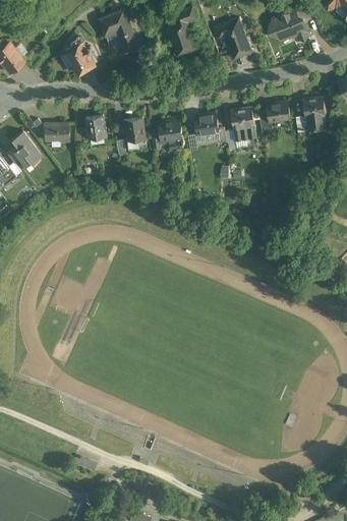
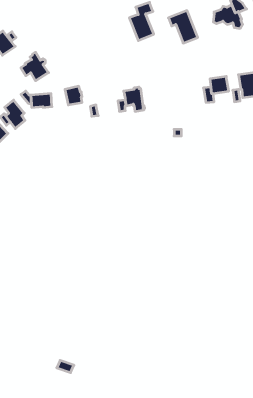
building: [99,12,138,54] -> none
building: [61,40,96,75] -> [21,52,49,81]
building: [231,107,255,139] -> none
building: [195,112,219,133] -> none
building: [124,115,148,147] -> none

